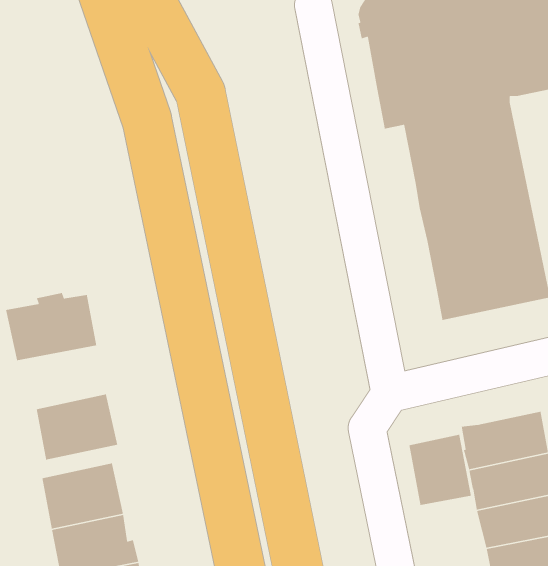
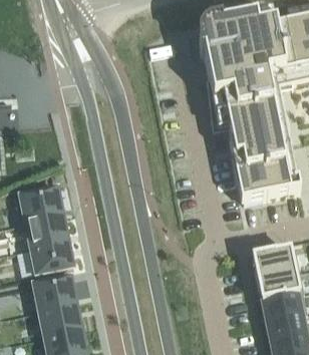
building: none -> [20,213,67,246]
building: [409,434,472,506] -> none

